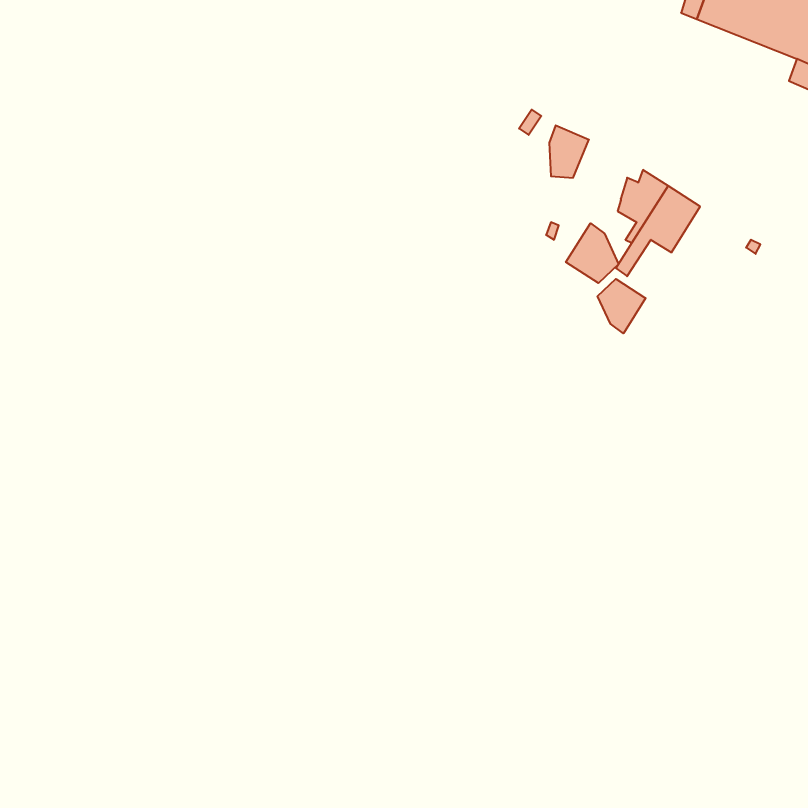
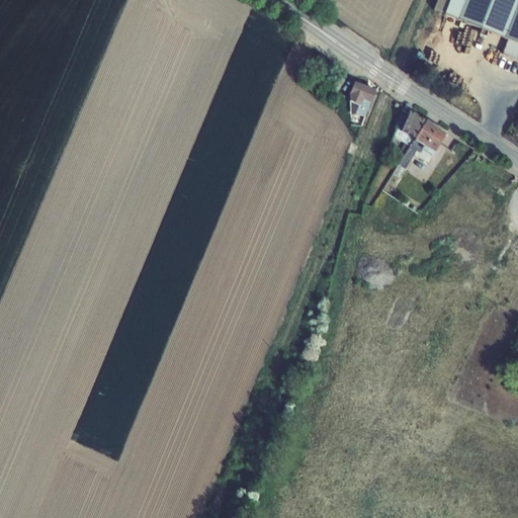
building: [566,223,619,283] -> none
building: [598,279,646,333] -> none

